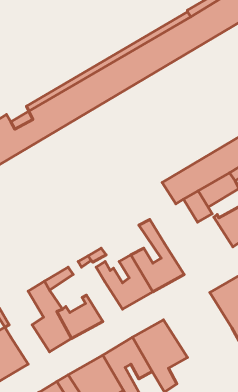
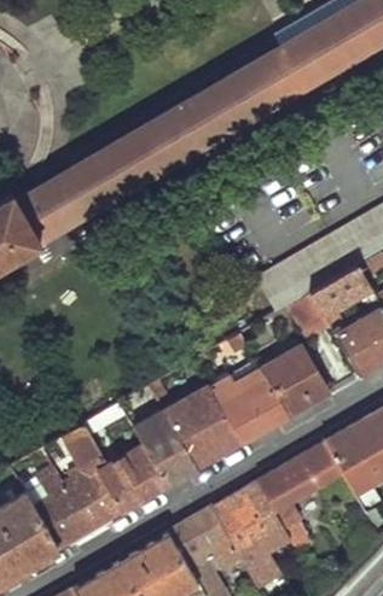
building: none -> [259,349,329,419]
building: none -> [130,419,197,487]
building: none -> [257,445,358,555]
building: none -> [33,469,89,550]

